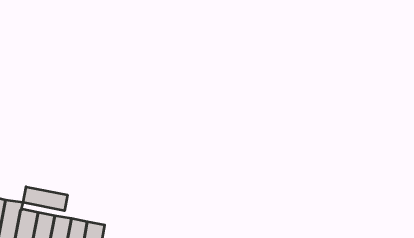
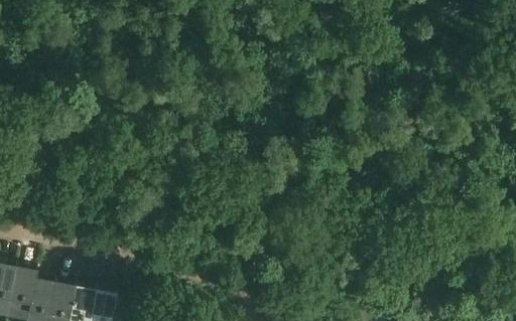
building: [23,187,67,211] -> none

